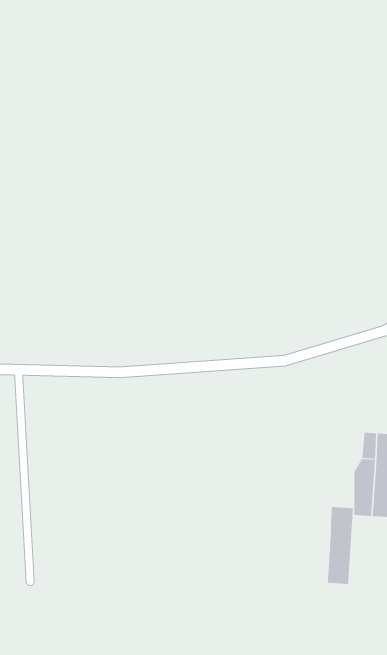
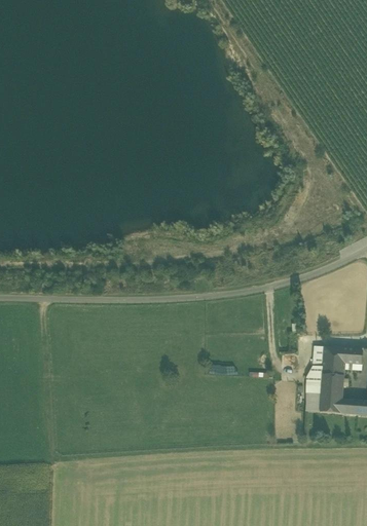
building: [327,506,354,585] -> none

